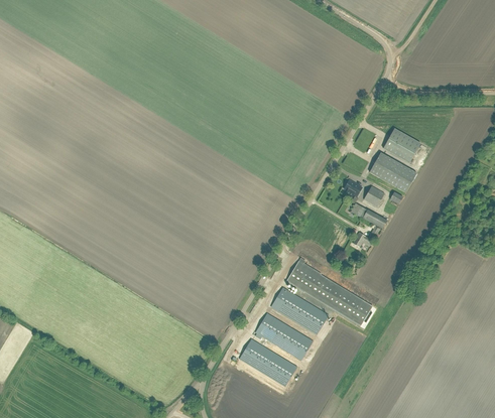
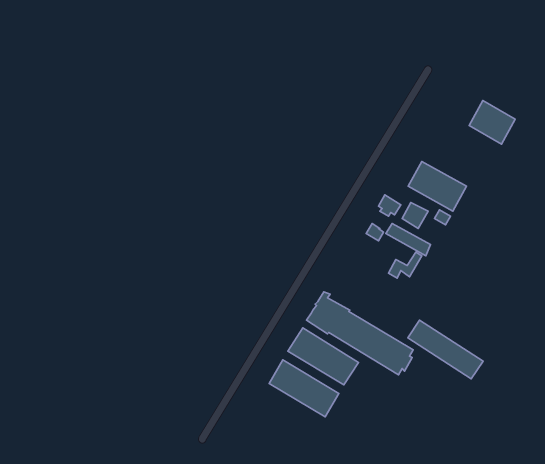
building: [383,128,420,163] -> [469,101,515,144]
building: none -> [408,320,483,379]
building: [240,338,297,386] -> none

